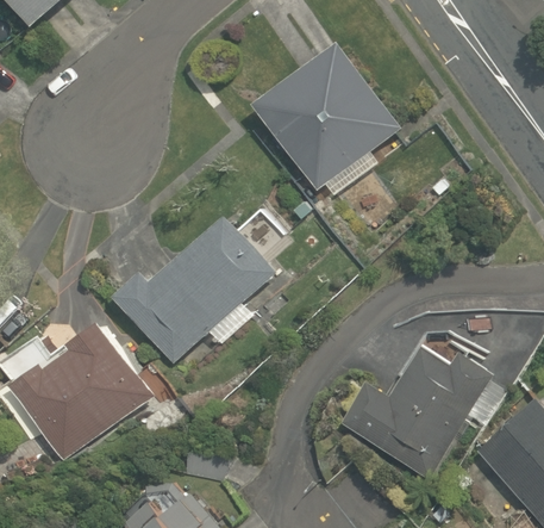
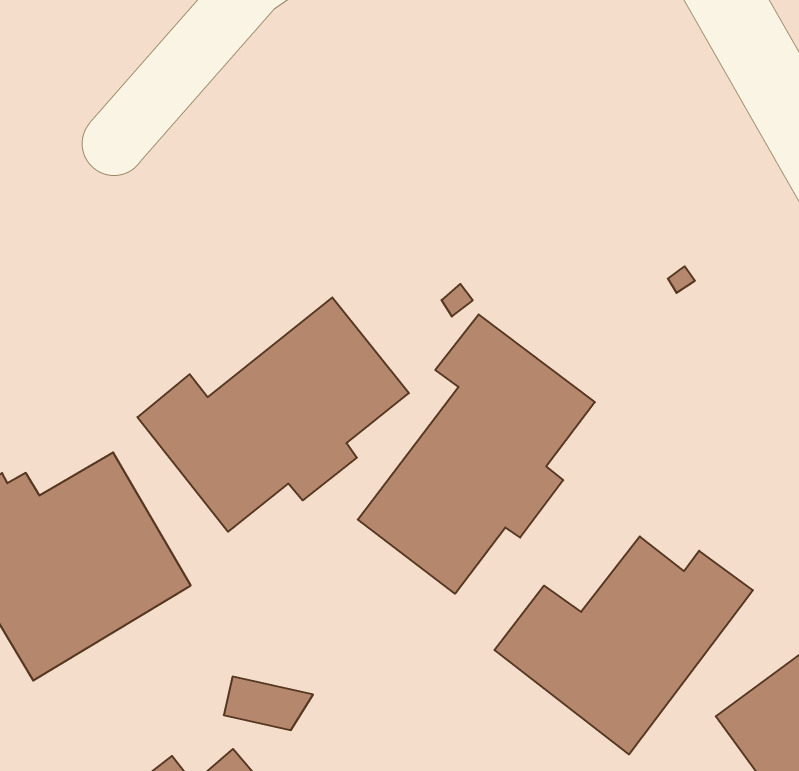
building: [252,42,400,190] -> none
building: none -> [358,314,595,594]

